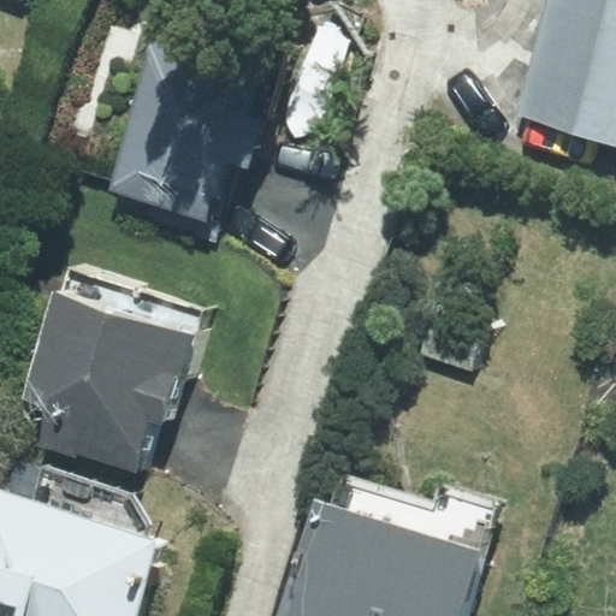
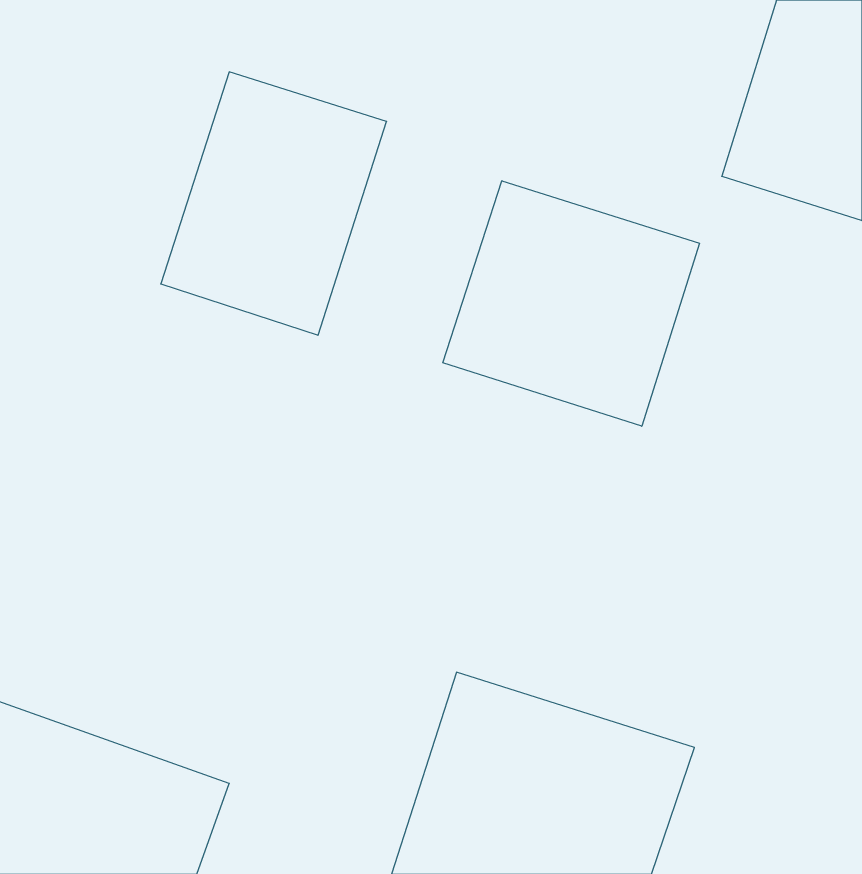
building: none -> [443,181,699,426]
building: [6,270,208,492] -> none

